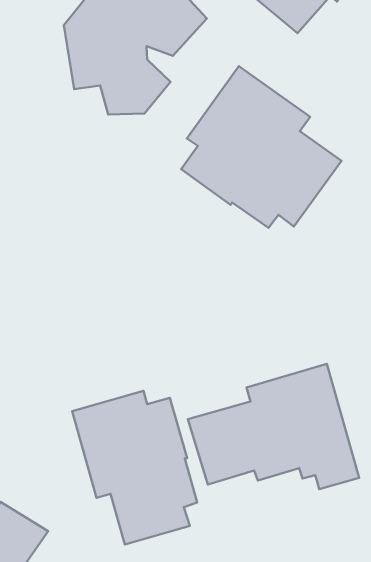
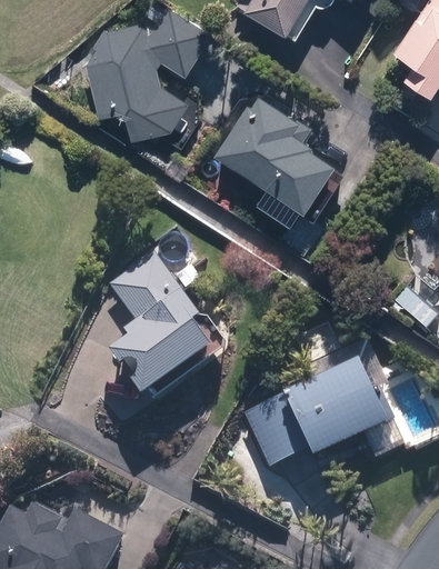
building: none -> [107,229,219,410]
building: [72,391,197,545] -> none

